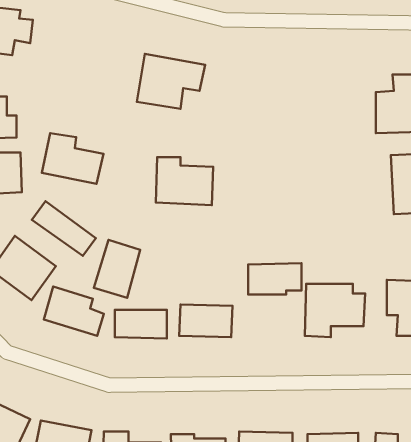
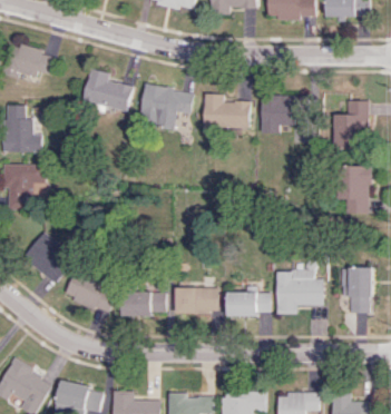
building: none -> [261,95,306,132]
building: [42,133,103,184] -> [82,69,133,110]
building: [156,157,213,205] -> [203,93,250,132]
building: [32,201,96,256] -> none
building: [94,240,140,298] -> none
building: [248,263,301,295] -> [226,290,270,316]

